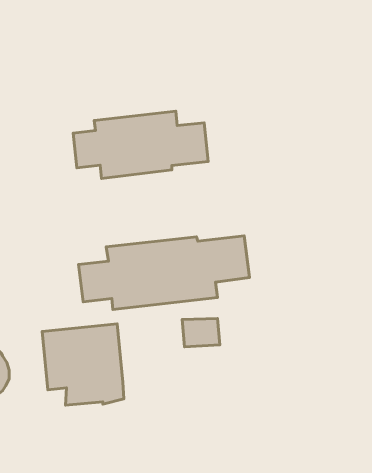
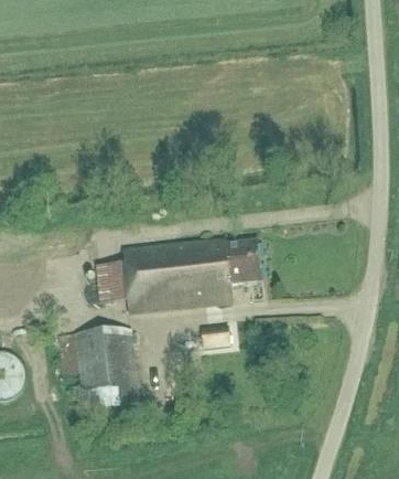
building: [73,111,208,178] -> none

